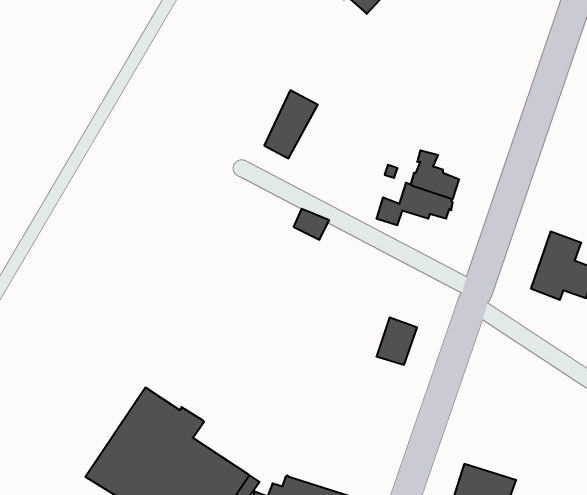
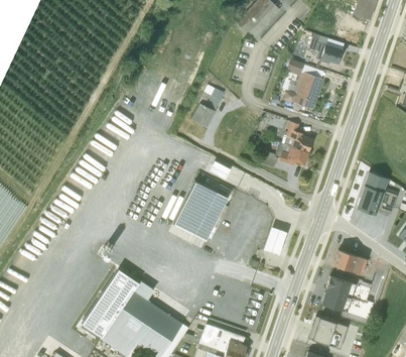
building: none -> [308,34,344,65]
building: none -> [284,60,322,112]
building: none -> [172,182,227,241]
building: none -> [333,251,366,273]
building: none -> [321,276,356,313]

